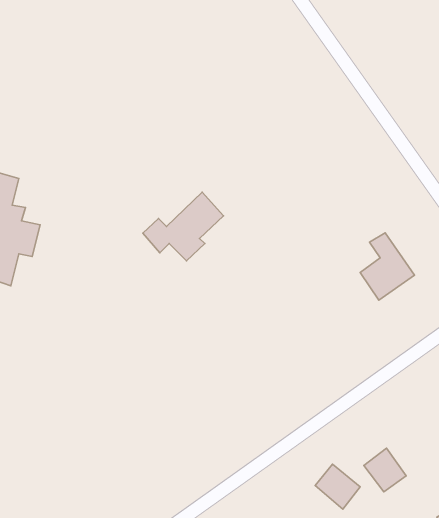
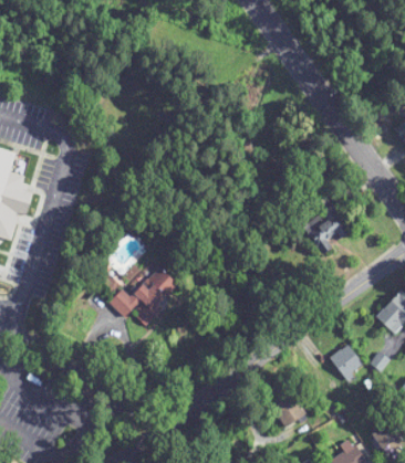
building: [143,192,223,261] -> [108,266,176,324]
building: [364,448,406,492] -> [329,344,364,380]

